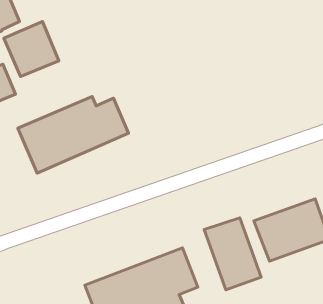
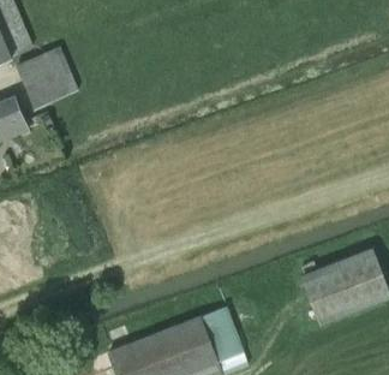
building: [18,96,129,173] -> none
building: [204,218,261,290] -> none

